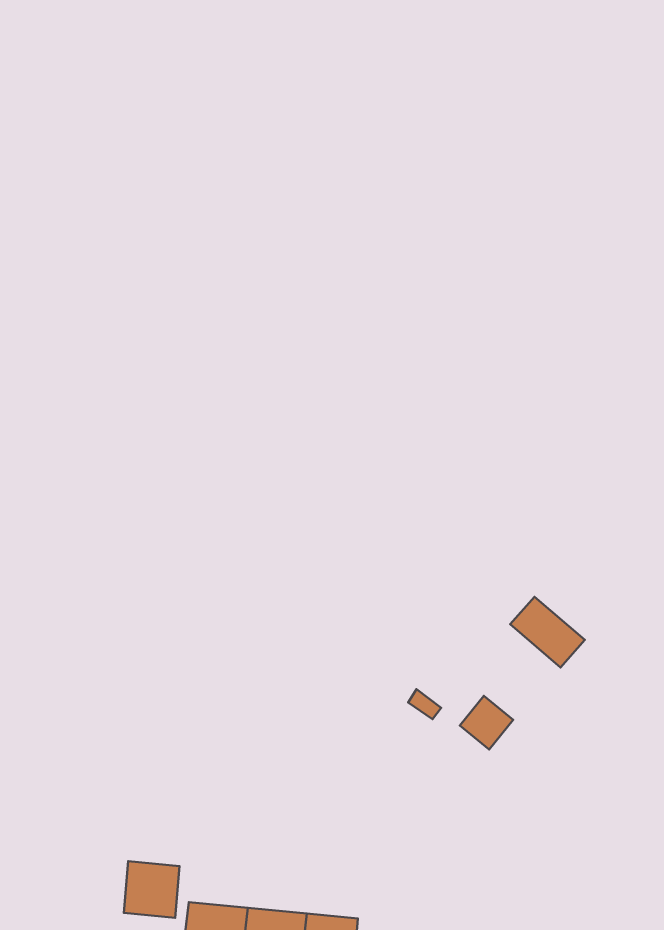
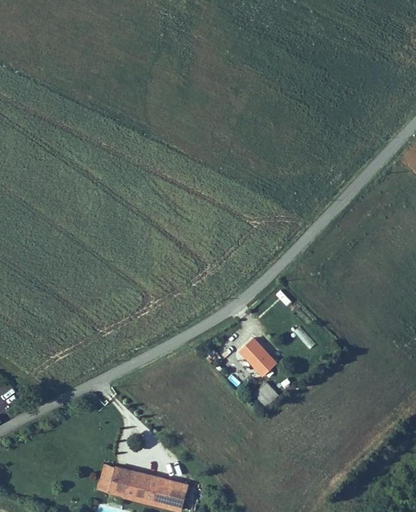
building: [510,597,585,668] -> [239,338,275,375]
building: [124,861,180,918] -> none

